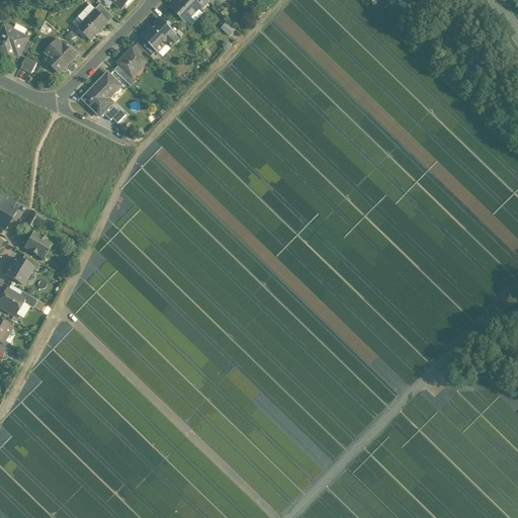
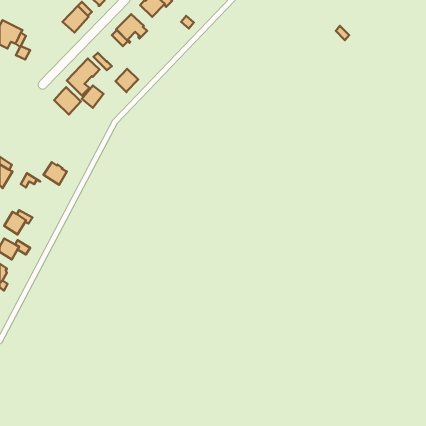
building: [46,38,74,72] -> none
building: [116,47,144,75] -> [116,69,138,92]
building: none -> [54,87,81,115]
building: [22,231,51,258] -> [43,162,67,185]

